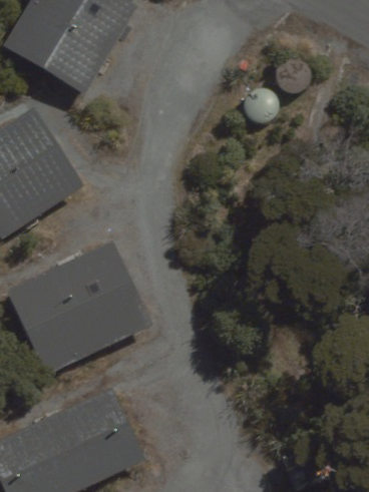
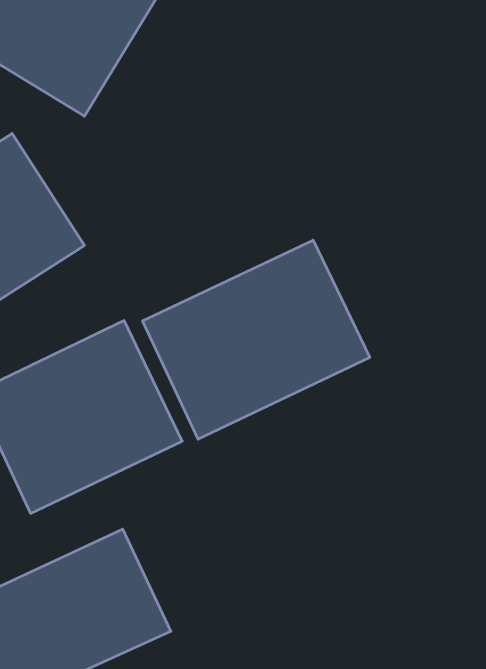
building: none -> [143,240,370,439]

